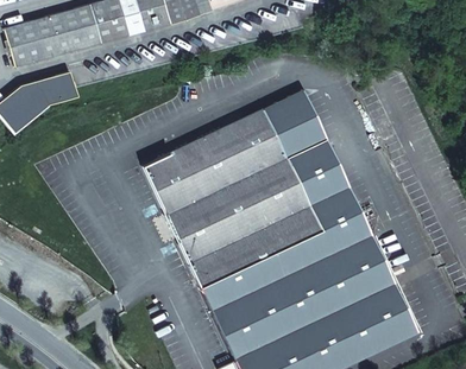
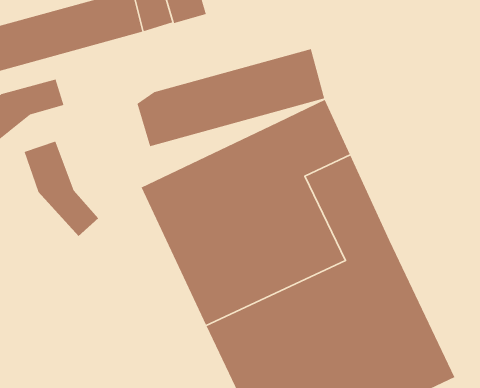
building: none -> [137,48,325,147]
building: none -> [24,140,99,237]

